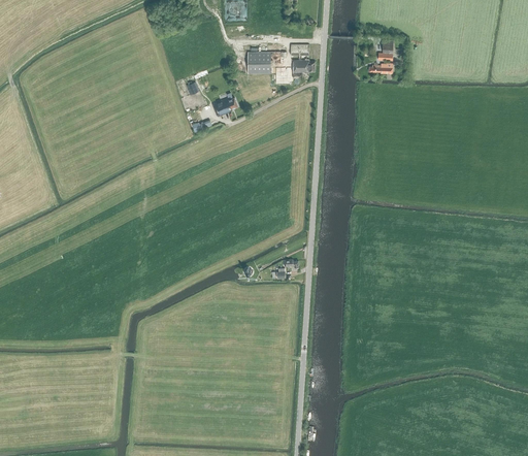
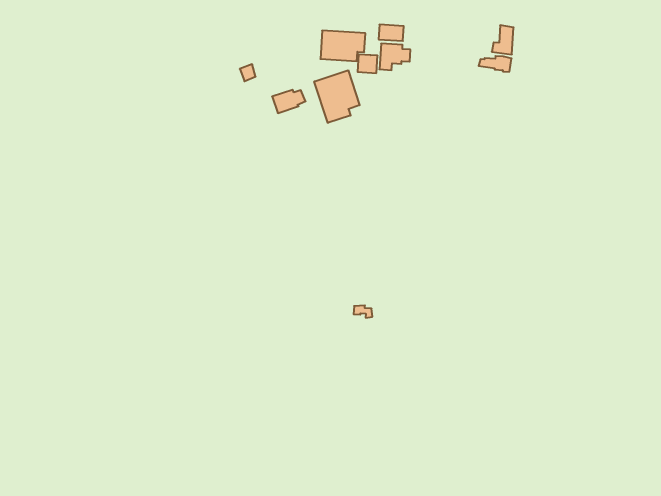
building: none -> [314,70,360,123]

